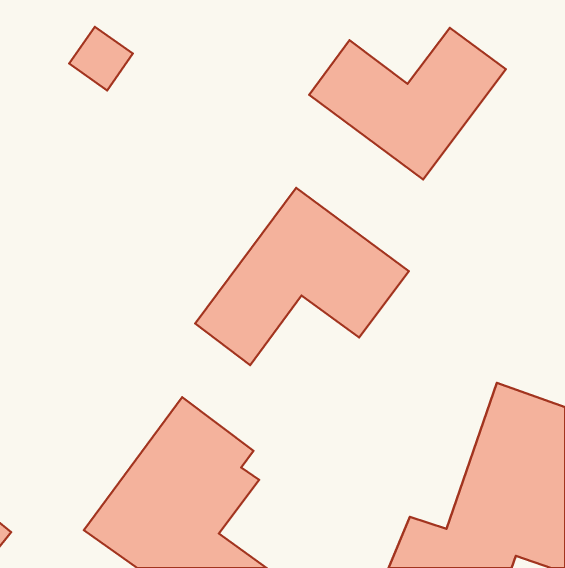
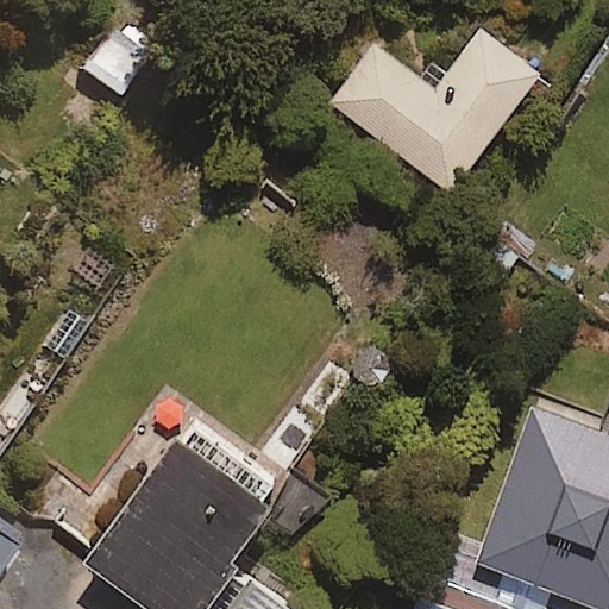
building: [195,188,409,365] -> none

